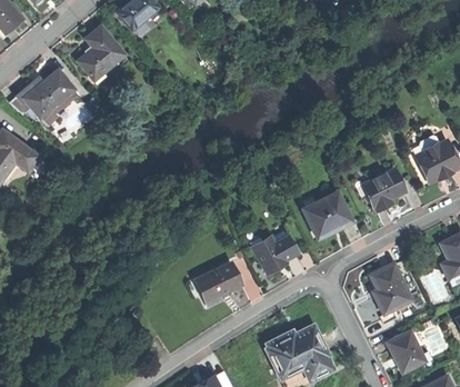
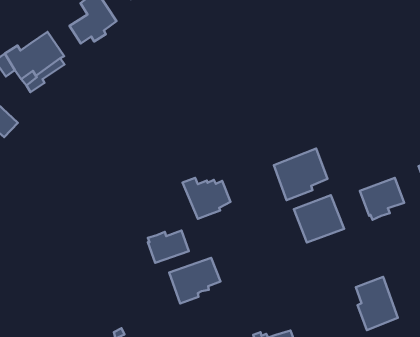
building: none -> [274,148,328,200]
building: [250,236,297,274] -> [183,178,231,219]
building: none -> [148,230,189,263]

